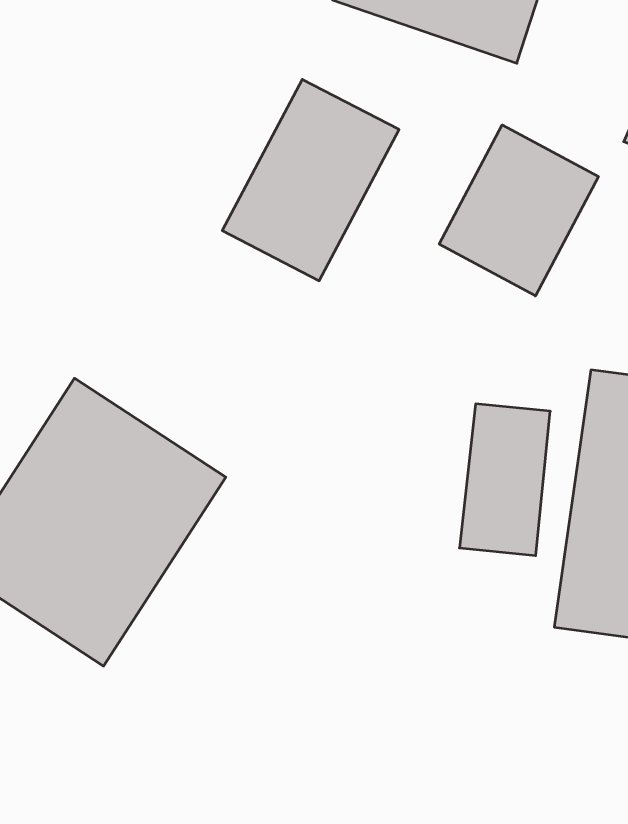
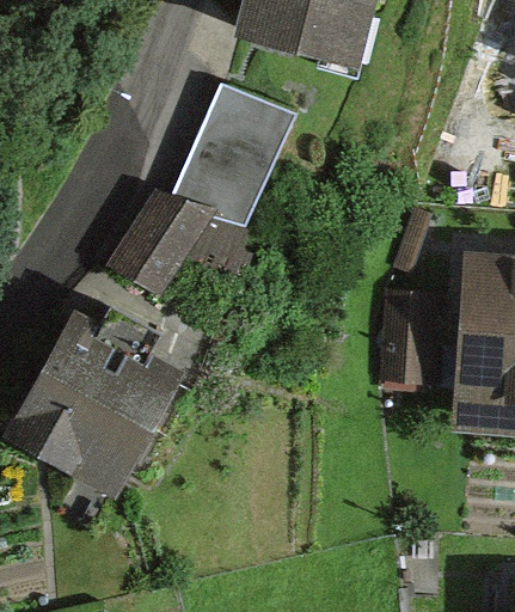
building: [439,125,598,296] -> none
building: none -> [104,177,216,300]

